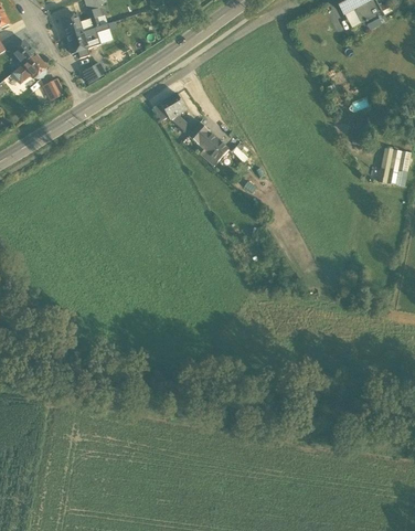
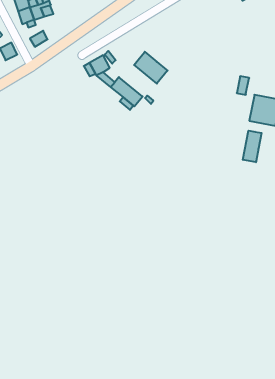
building: none -> [134,52,168,84]
building: none -> [243,131,262,162]

